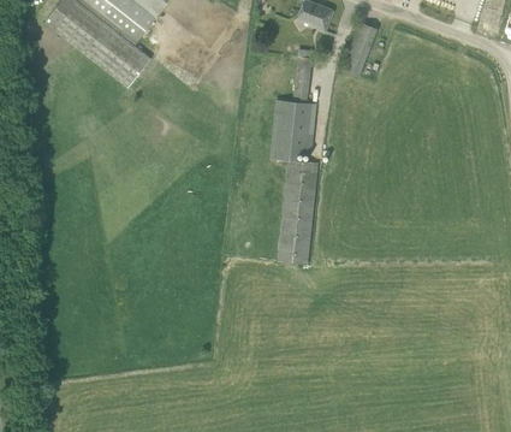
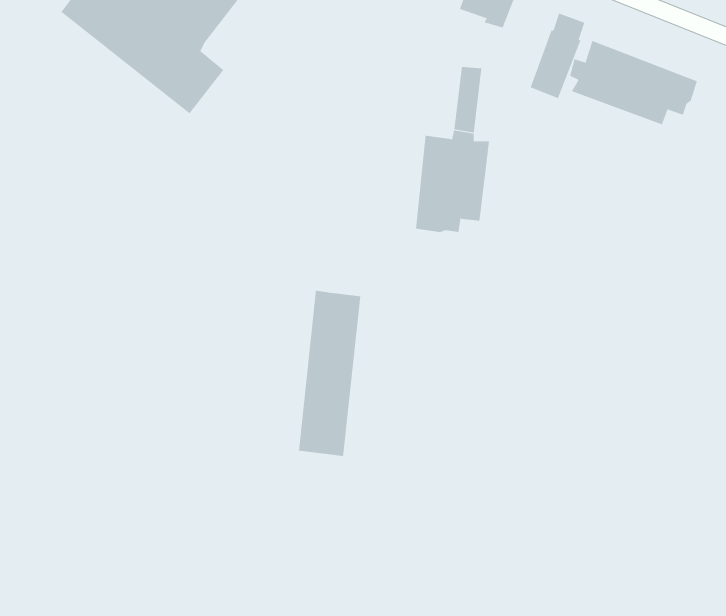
building: none -> [569,40,697,125]
building: [278,159,317,264] -> [298,290,361,457]

